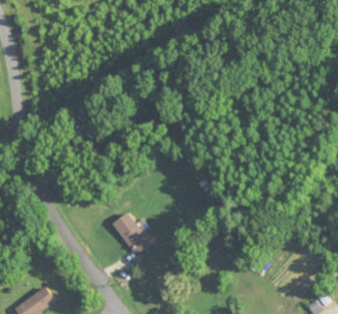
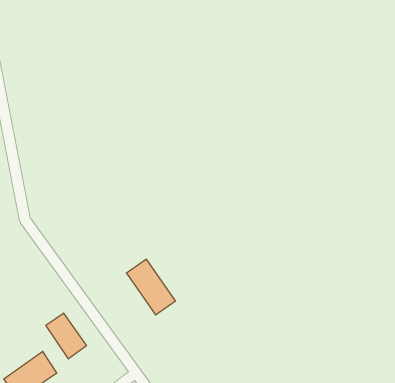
building: none -> [46,313,86,359]

